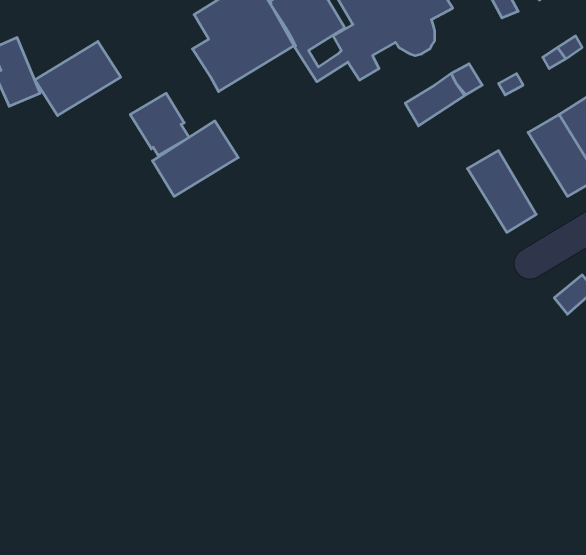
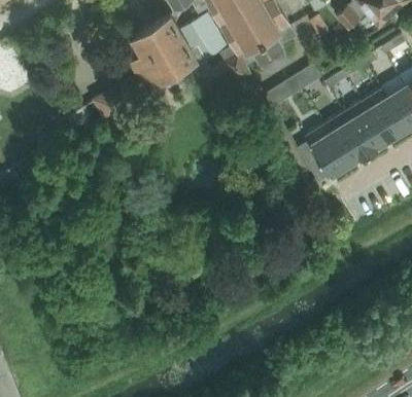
building: [35,41,121,116] -> none
building: [152,121,238,196] -> none
building: none -> [323,112,367,164]

